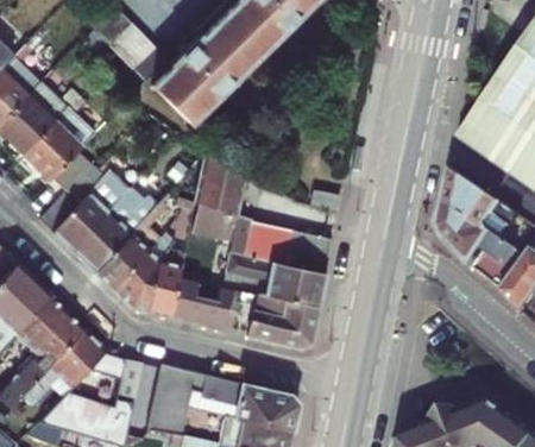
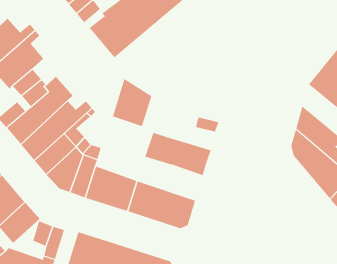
building: [187,204,325,309] -> none

